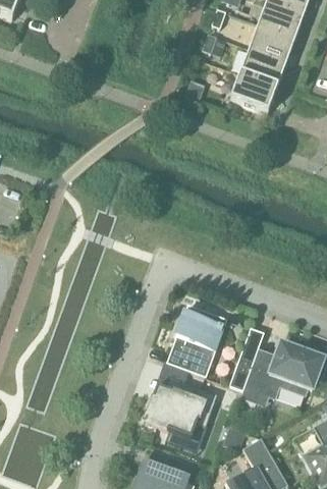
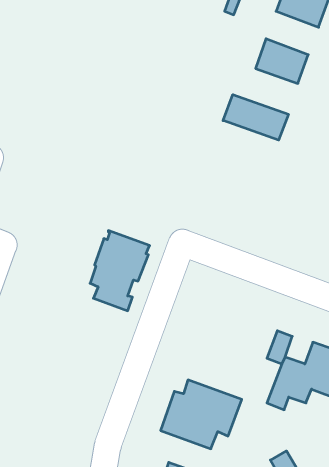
building: [238,49,285,88] -> none
building: none -> [223,95,288,140]
building: [171,306,224,377] -> [90,231,150,311]

